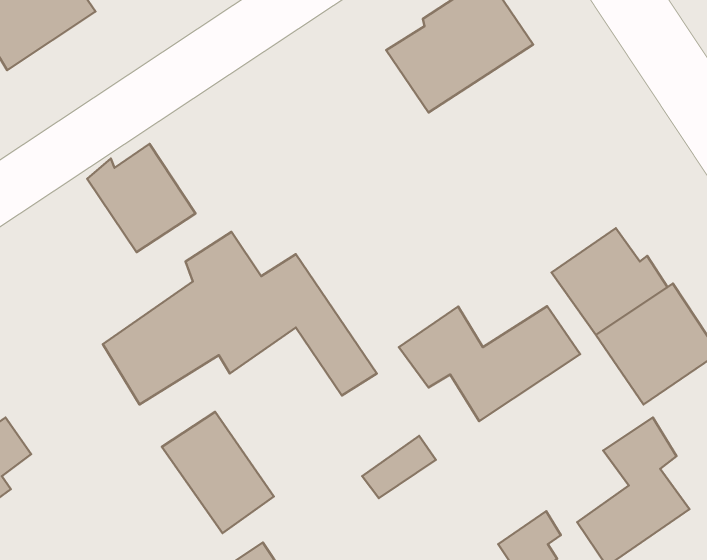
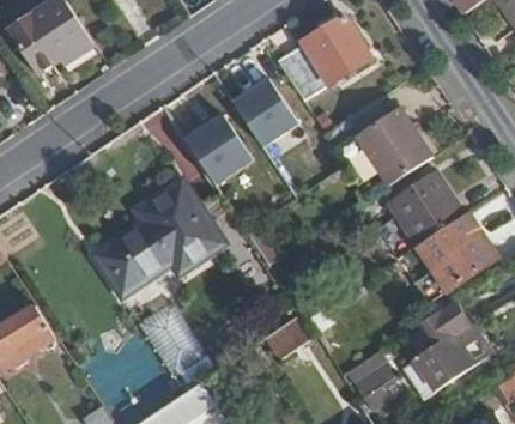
building: none -> [234,77,301,147]
building: none -> [357,107,434,186]
building: [87,144,196,252] -> [182,114,253,184]
building: [399,306,580,421] -> none

